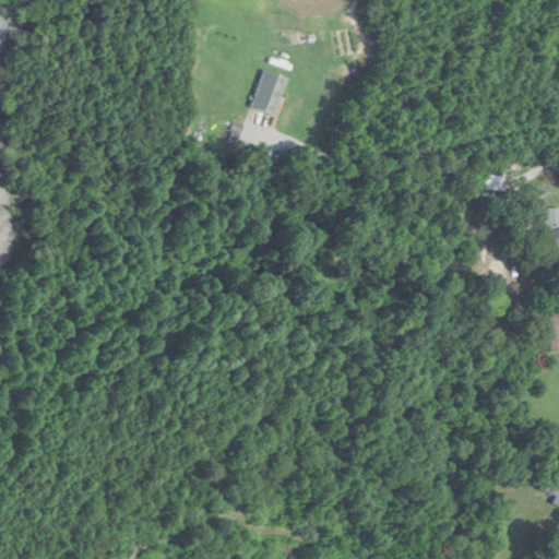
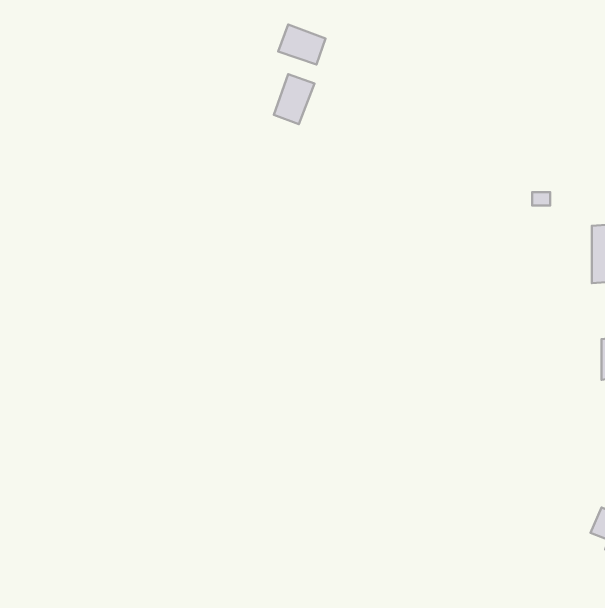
building: none -> [278,25,325,64]

